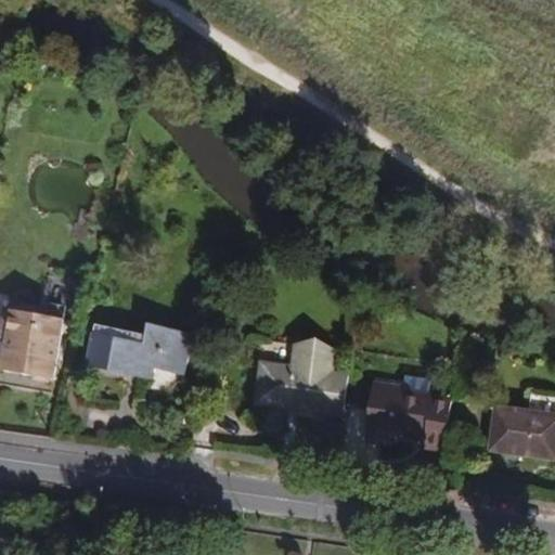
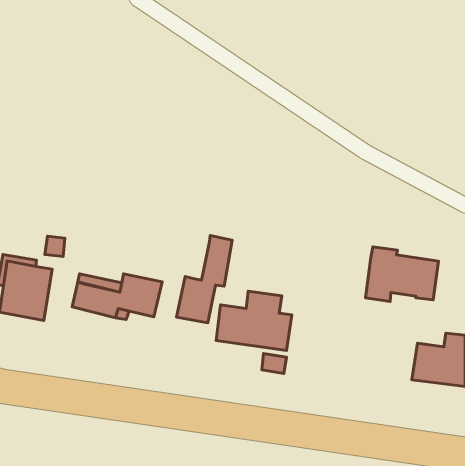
building: none -> [176,235,232,323]
building: [364,382,451,447] -> [365,247,439,302]

